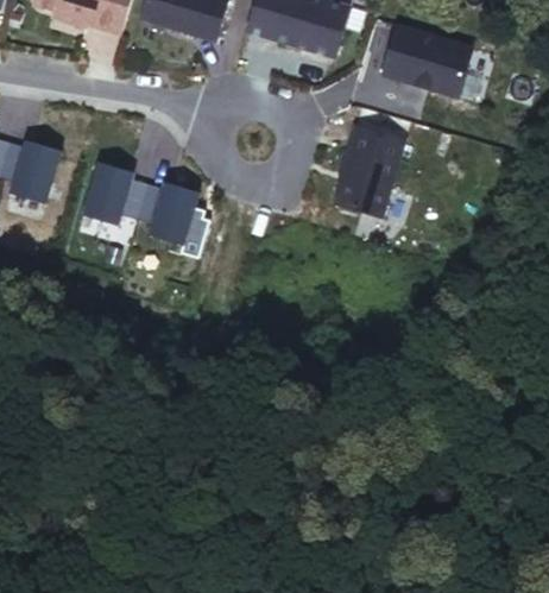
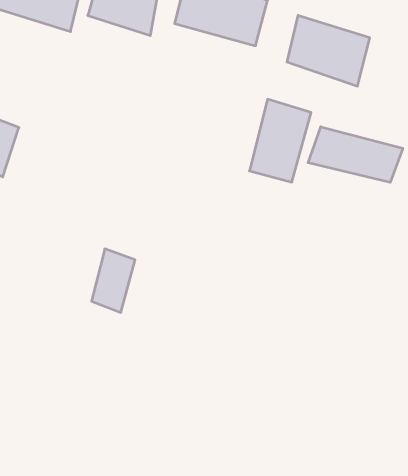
building: none -> [308,127,403,182]
building: [83,159,134,229] -> none
building: [146,178,197,253] -> [92,249,135,312]

